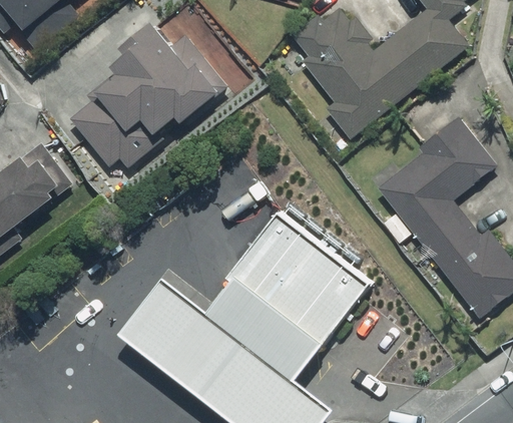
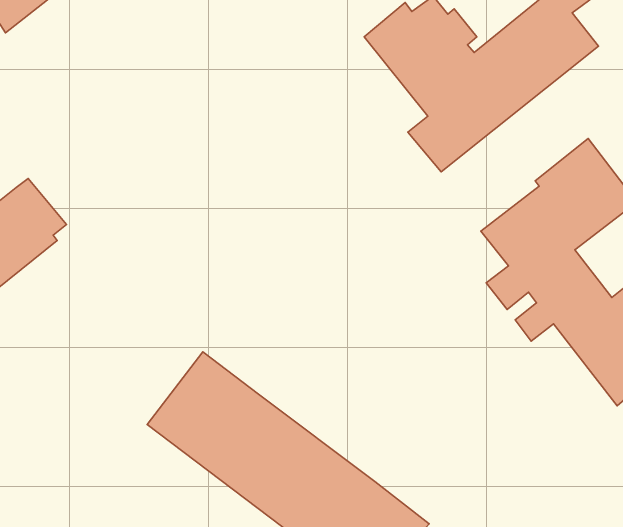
building: [70,17,225,166] -> none
building: [209,216,368,375] -> none

